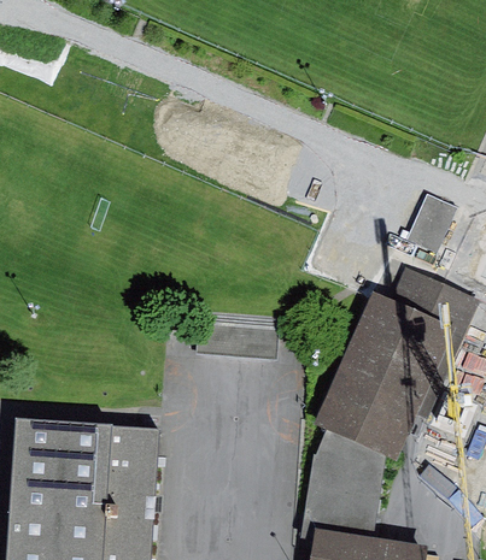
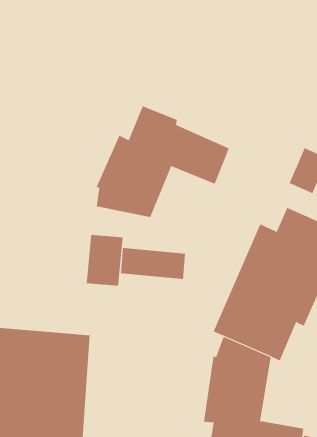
building: none -> [96,106,230,218]
building: none -> [86,234,123,287]

